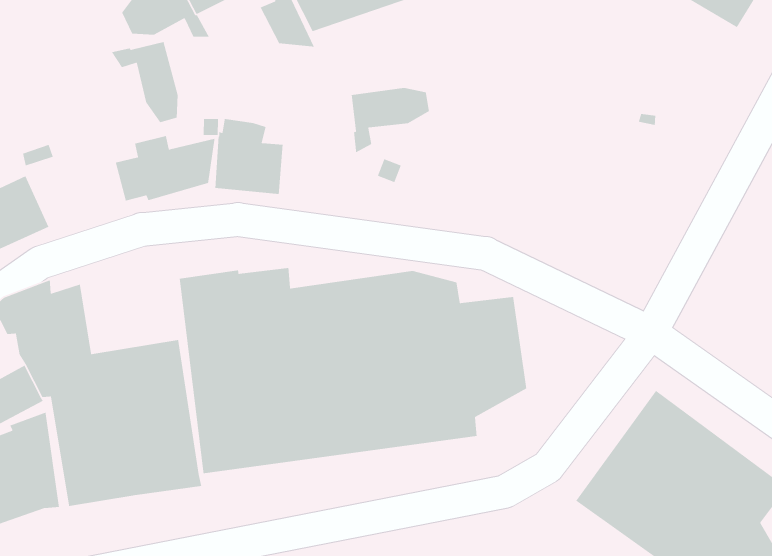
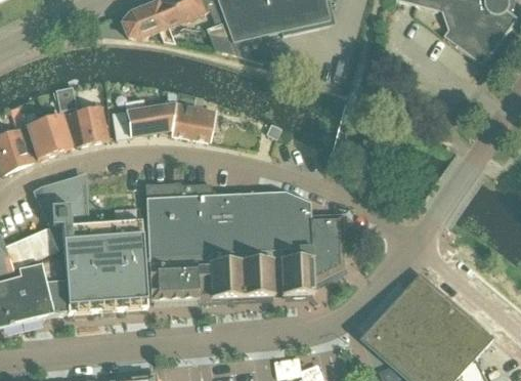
building: [111,41,179,123] -> none
building: [351,87,430,153] -> none
building: none -> [68,105,105,146]

